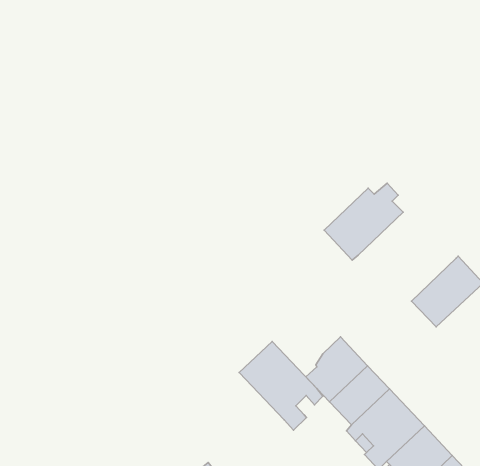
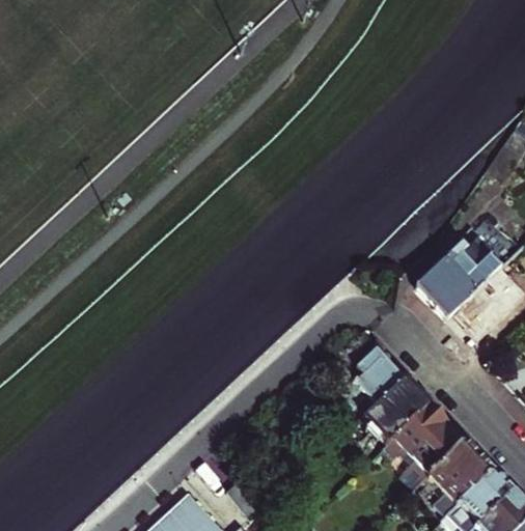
building: [324,183,403,260] -> [417,239,499,318]
building: [239,341,323,430] -> none

